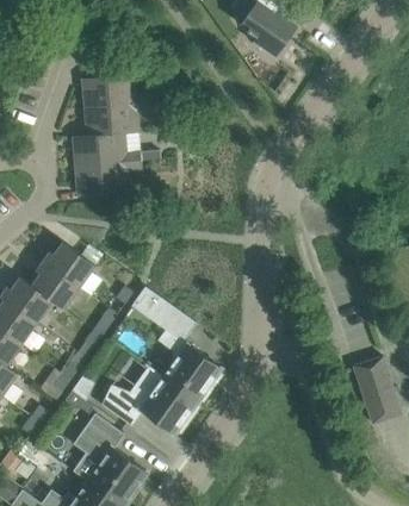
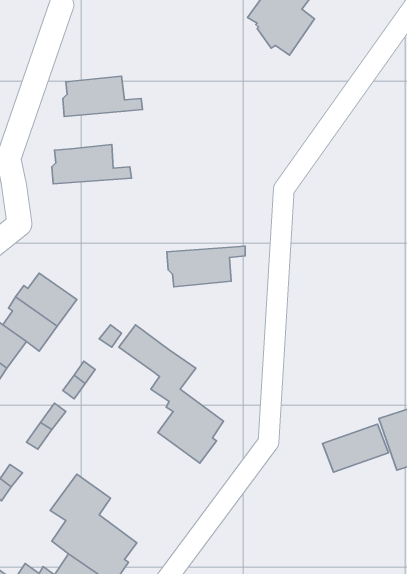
building: [83,102,151,136] -> none
building: [74,161,141,195] -> [167,246,245,287]
building: [100,367,199,433] -> none
building: none -> [322,424,389,472]

